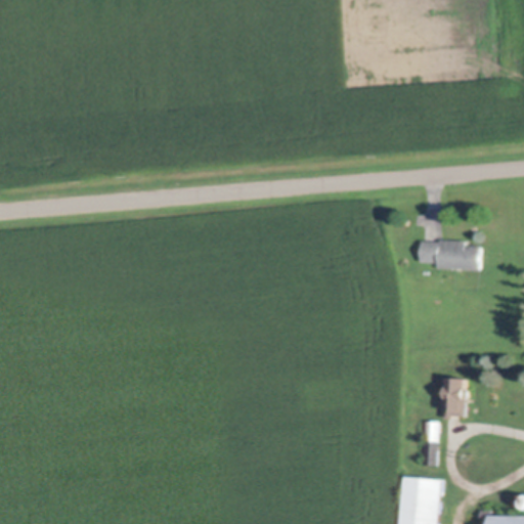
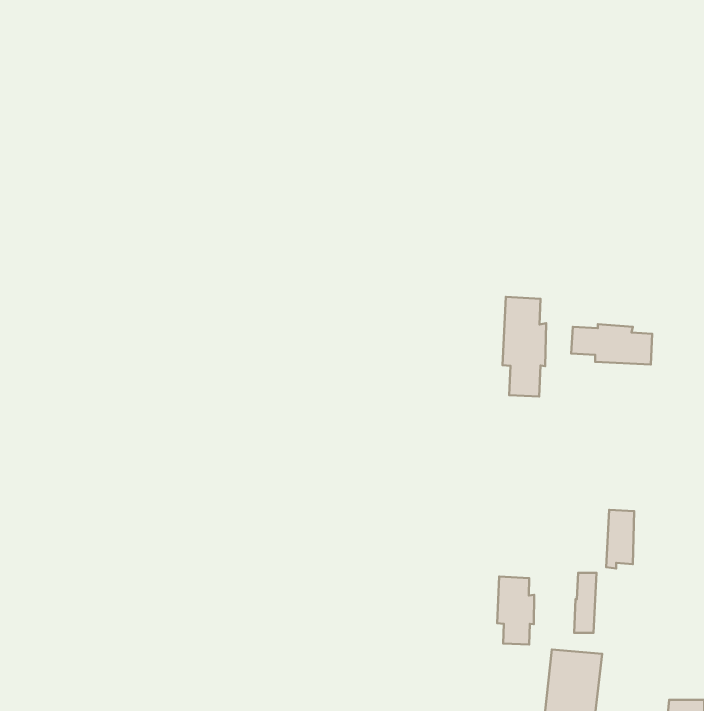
building: none -> [503,297,546,396]
building: none -> [497,577,534,645]

